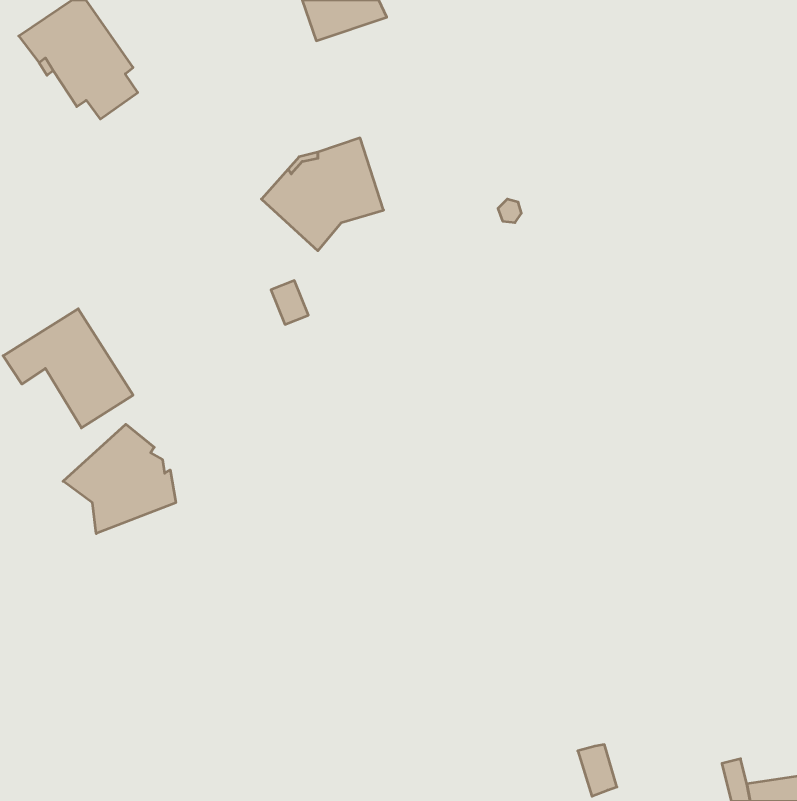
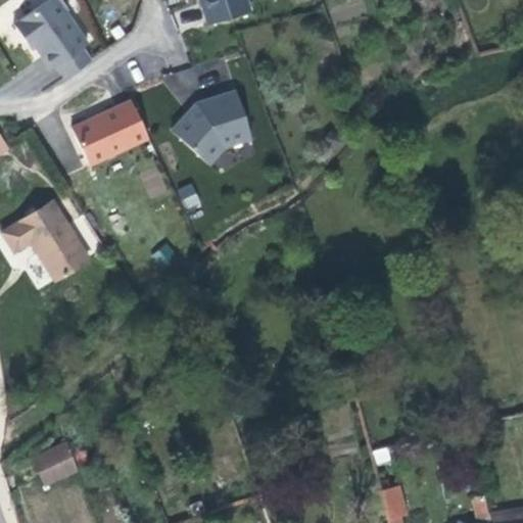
building: none -> [73,100,150,165]
building: [63,424,176,534] -> none
building: none -> [35,442,79,483]

